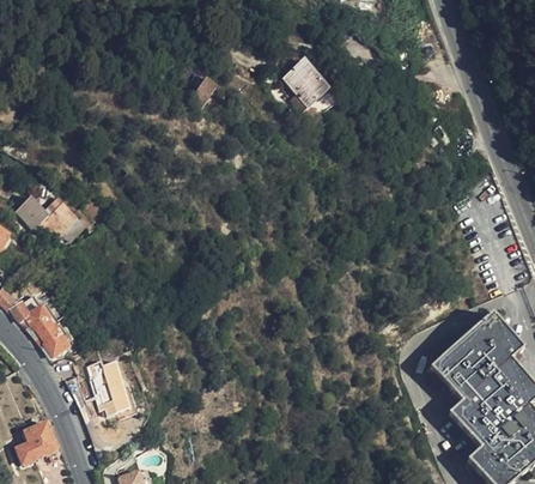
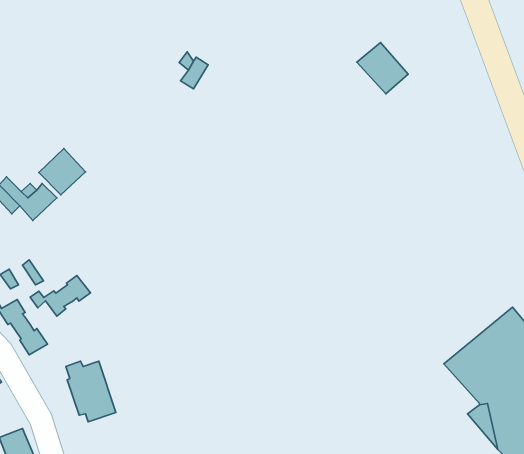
building: [284,59,330,105] -> [357,43,408,94]
building: none -> [39,148,85,195]
building: none -> [30,276,90,316]

